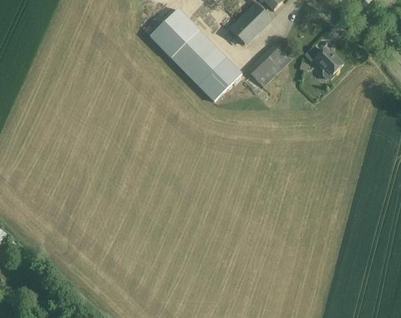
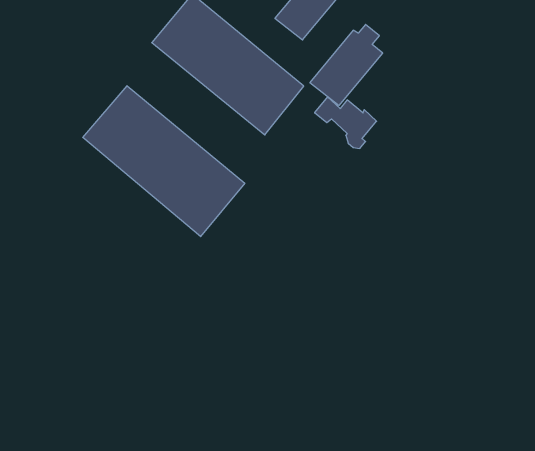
building: [305,47,343,81] -> [315,97,377,148]
building: none -> [83,86,245,237]

